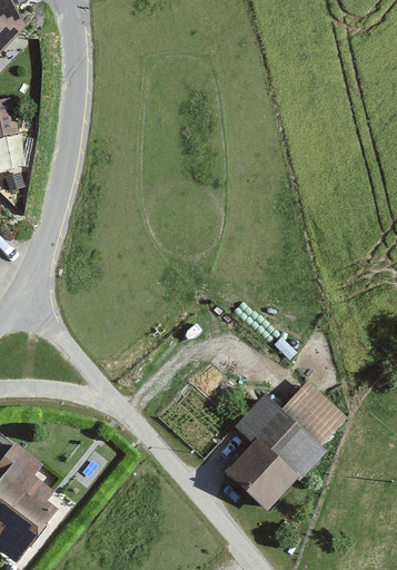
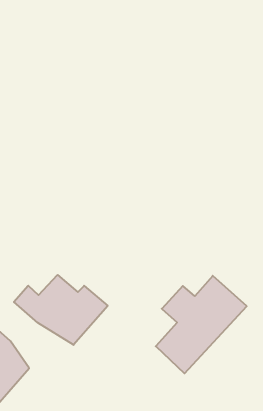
building: none -> [14,275,108,345]

